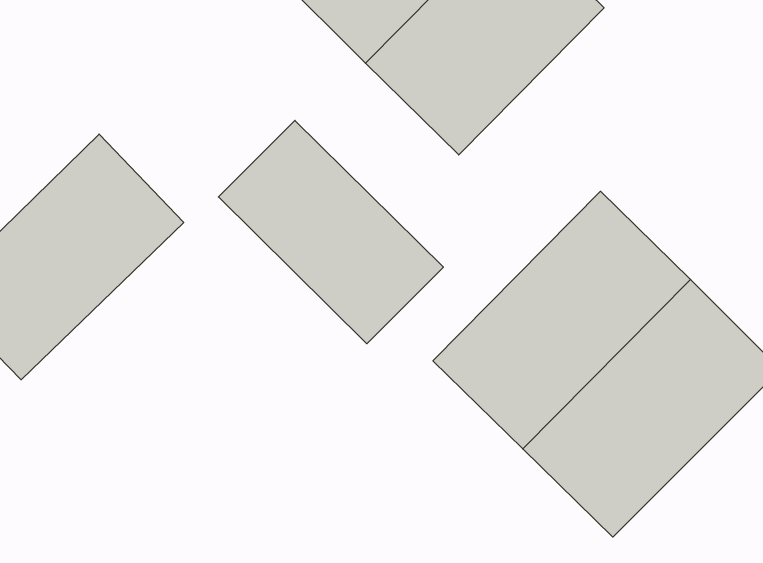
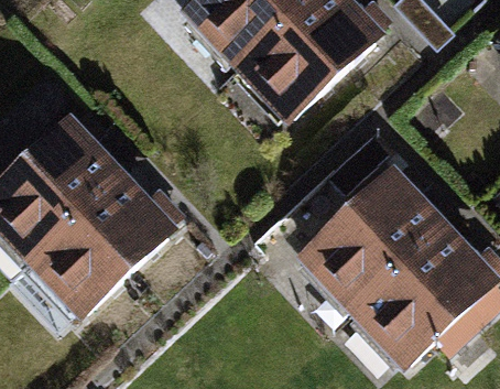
building: [218,120,443,344] -> none
building: none -> [20,171,177,326]

